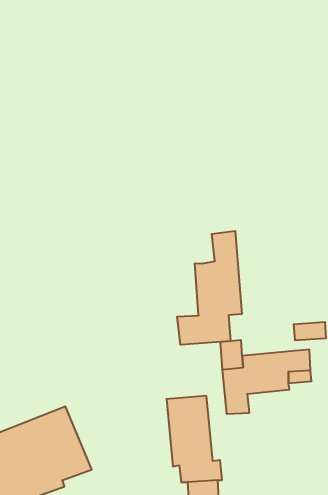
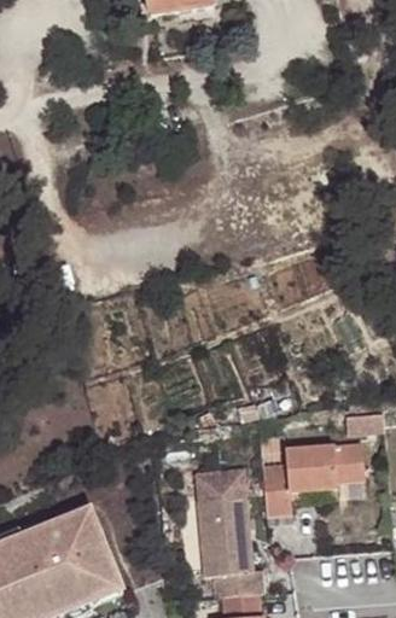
building: [177,231,242,345] -> none
building: none -> [196,467,245,499]

